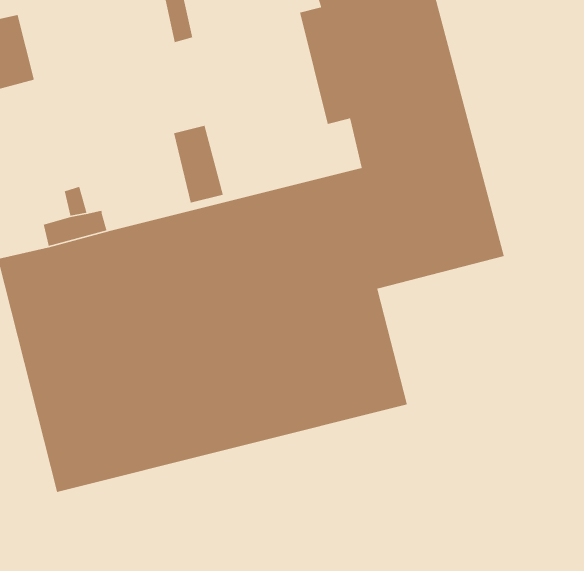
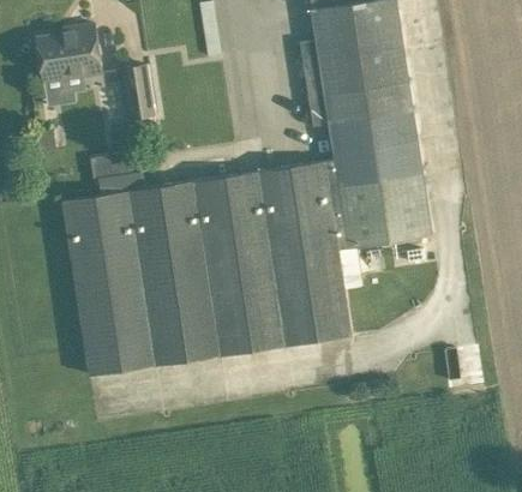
building: [173,125,224,204] -> [122,65,155,121]

